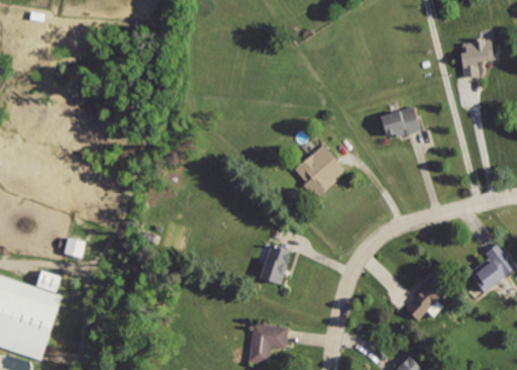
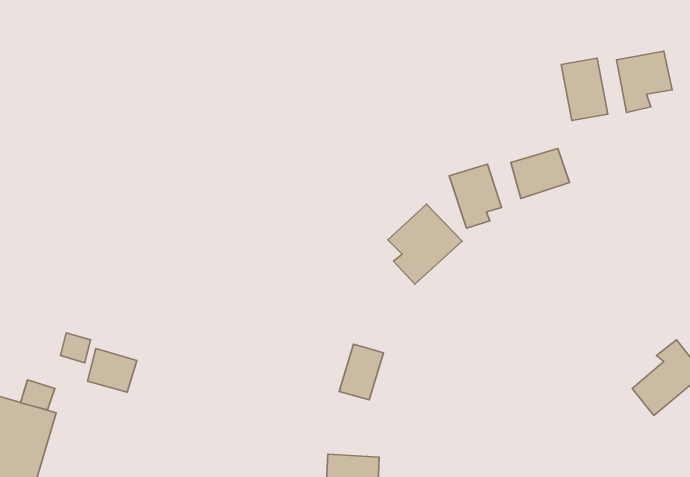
building: none -> [561,58,608,121]
building: none -> [449,164,502,228]
building: none -> [87,348,137,392]
building: [403,278,446,323] -> none

